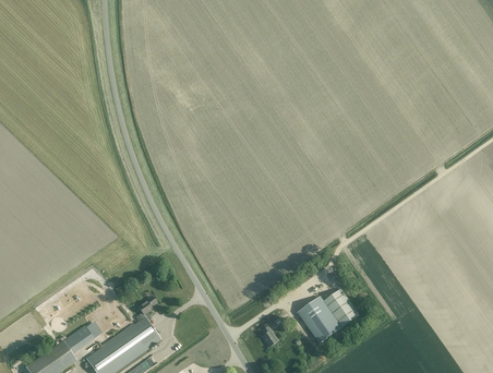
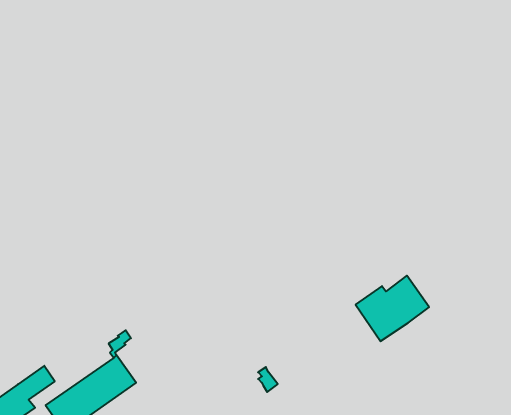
building: [298,287,359,341] -> [356,276,429,341]

